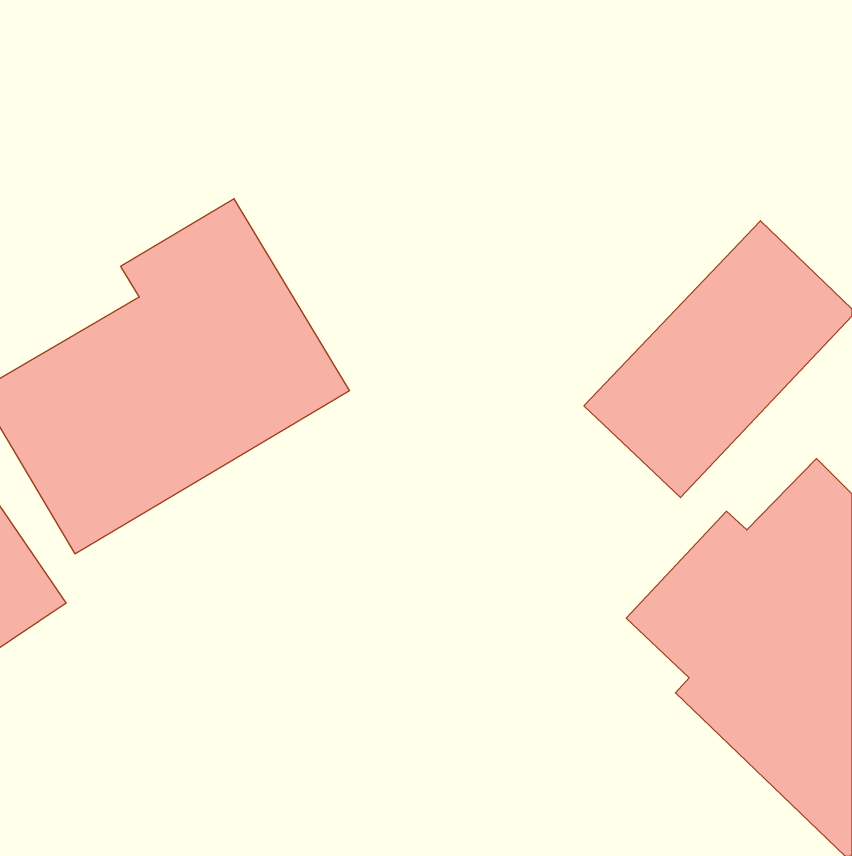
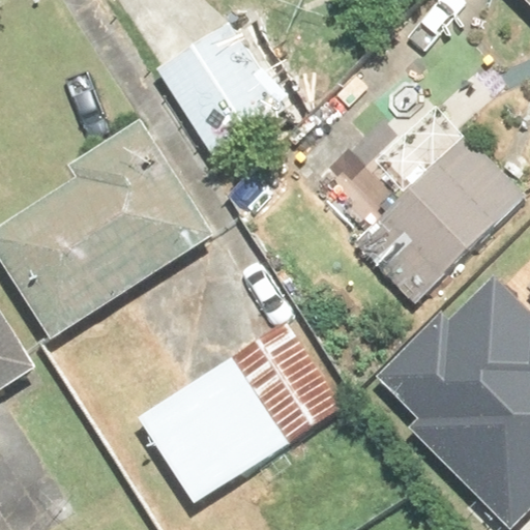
building: none -> [154,28,275,152]
building: none -> [143,317,345,497]

